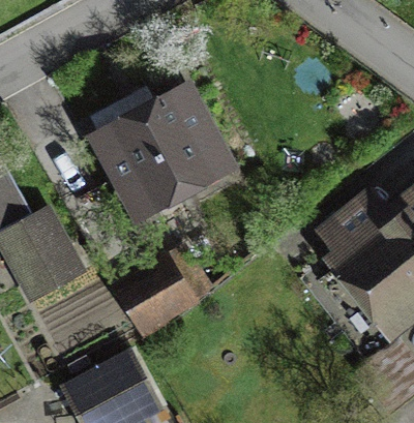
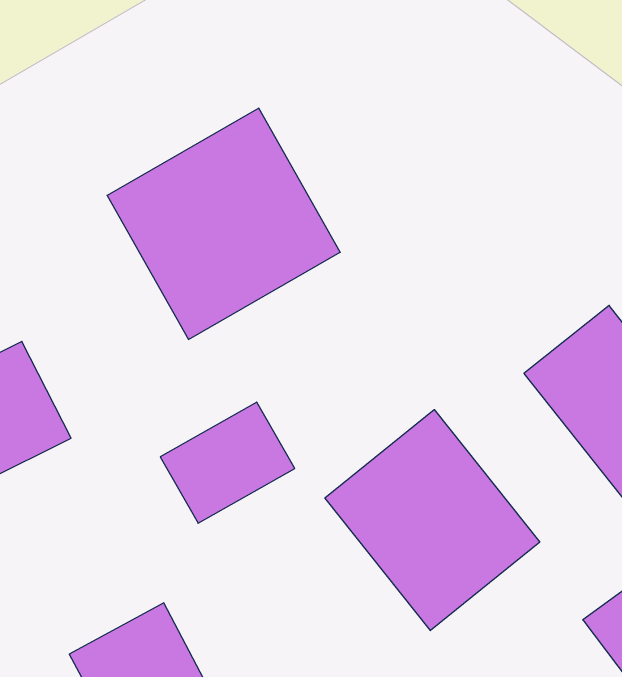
building: none -> [325,410,540,631]

